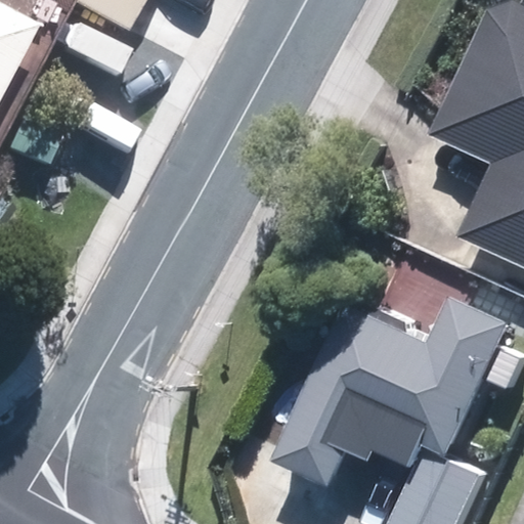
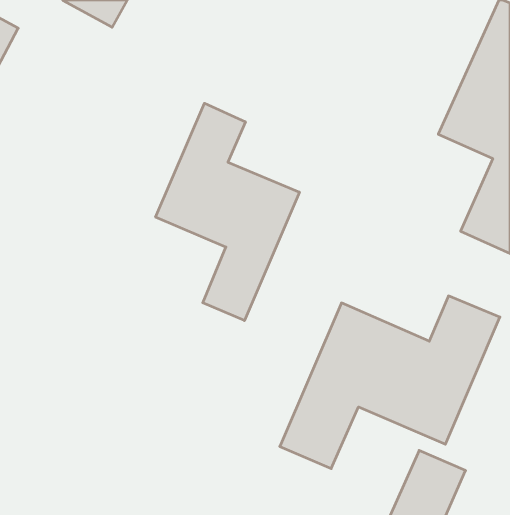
building: none -> [156,103,299,321]

